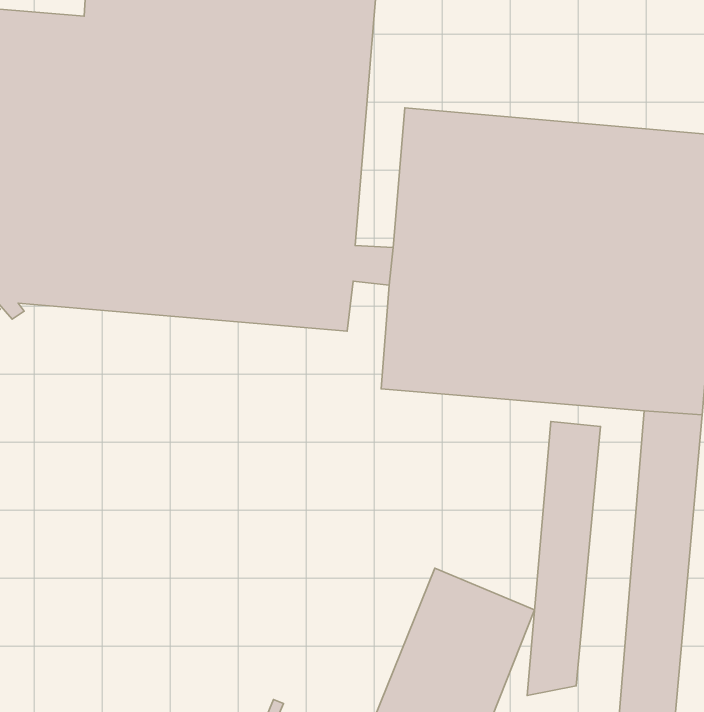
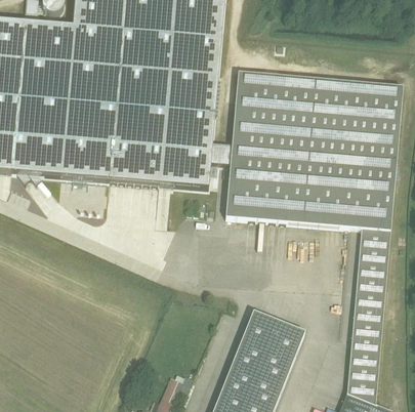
building: [527,421,601,696] -> none

